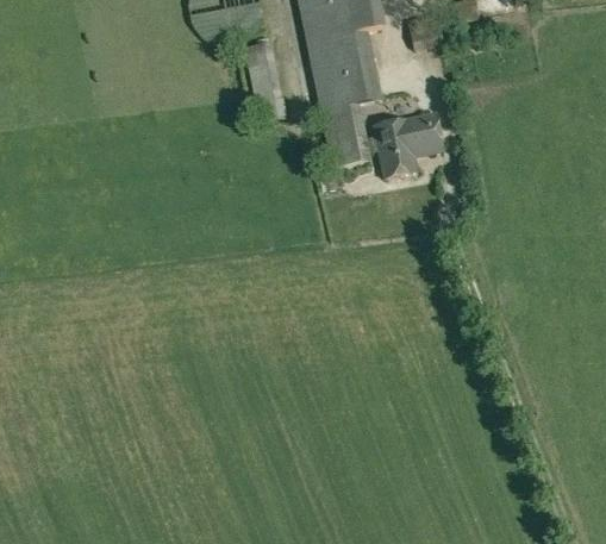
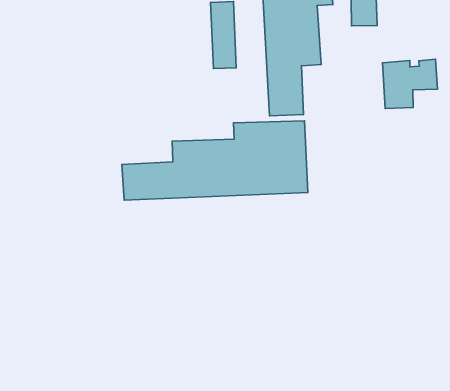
building: [374,110,442,175] -> [383,59,437,108]
building: none -> [122,121,308,200]

